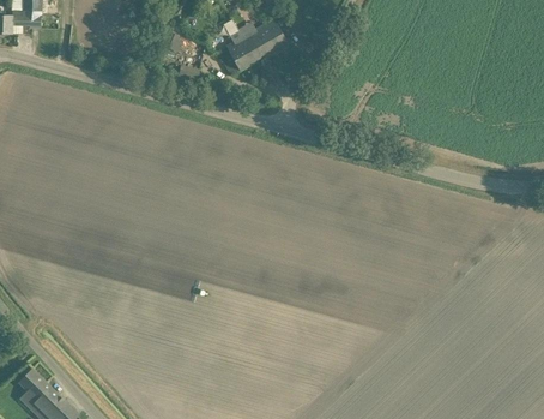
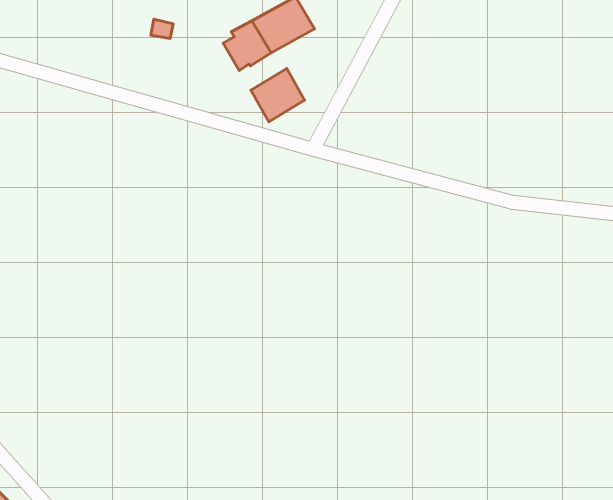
building: none -> [251,69,305,122]

